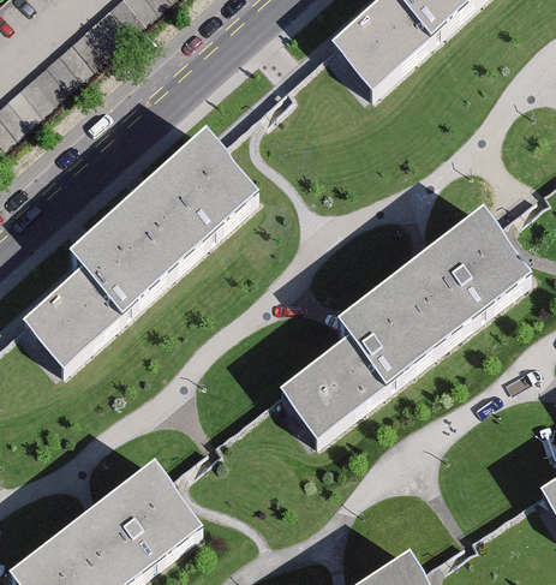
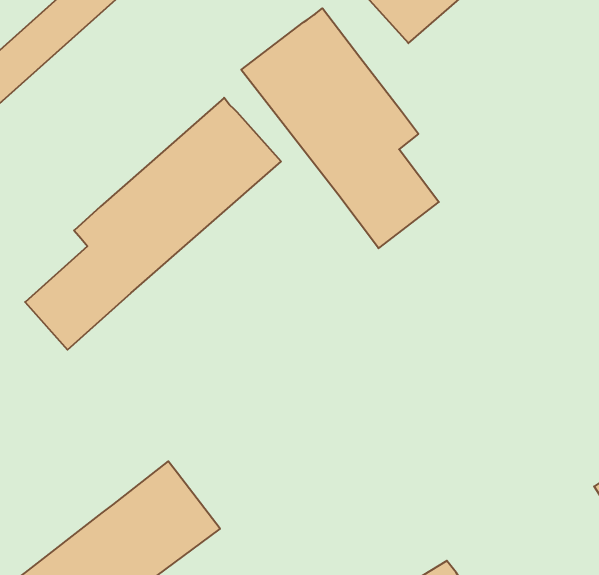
building: none -> [241,8,439,248]
building: [280,209,530,434] -> none

